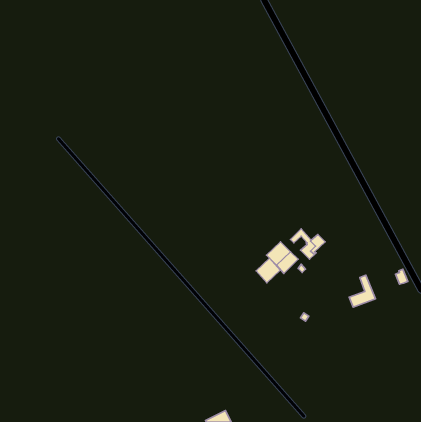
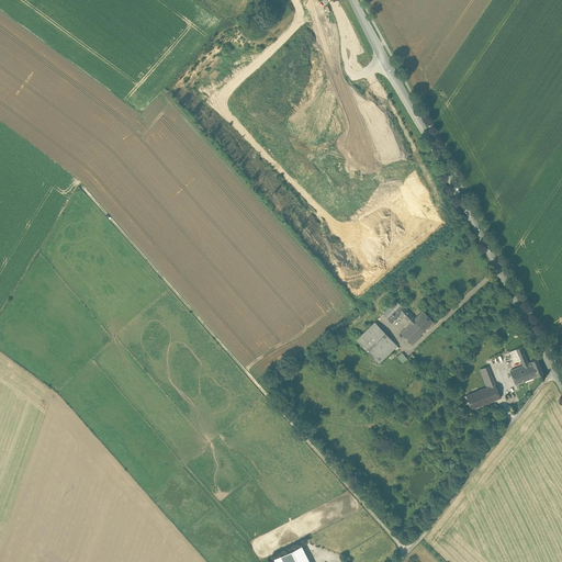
building: [256,258,280,283] -> none
building: none -> [508,347,531,384]

